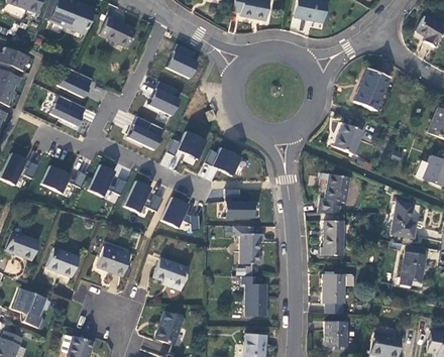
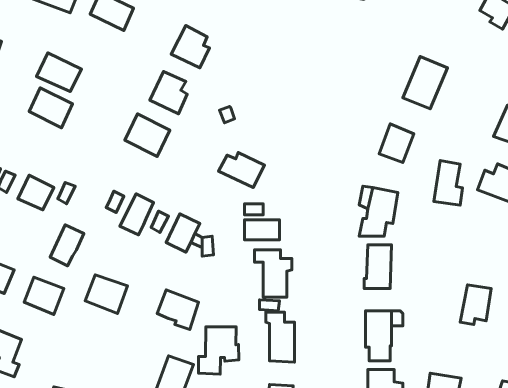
building: [166,130,206,158] -> none
building: [89,163,116,197] -> [50,225,84,266]
building: [392,202,415,238] -> [434,160,463,205]
building: none -> [198,327,239,374]

